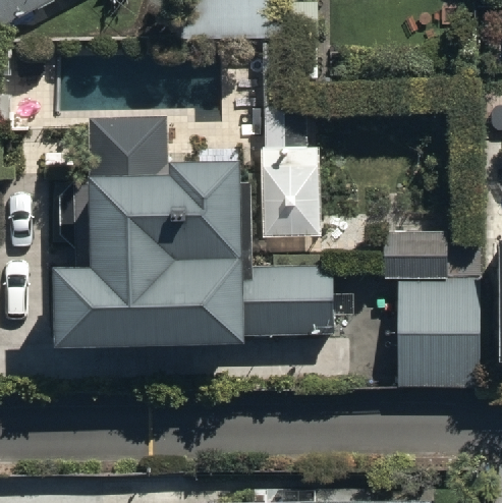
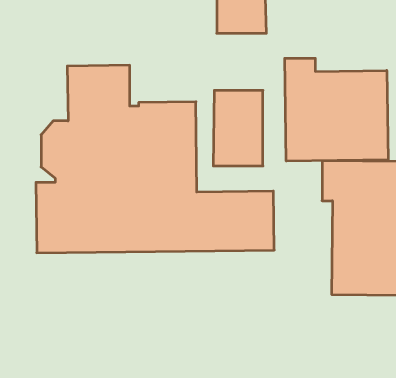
building: none -> [285,58,388,161]

